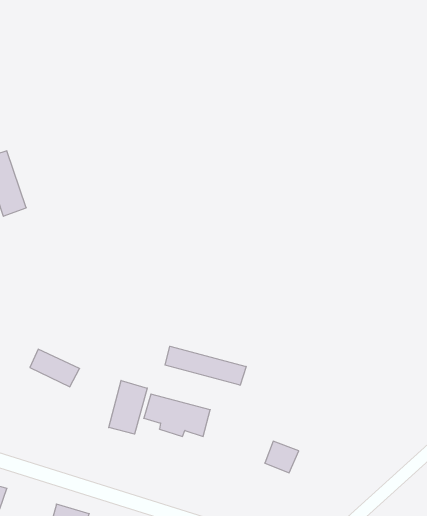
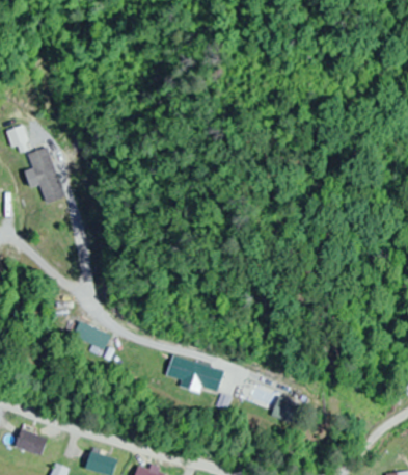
building: [165,346,246,385] -> none
building: [109,380,147,434] -> none

